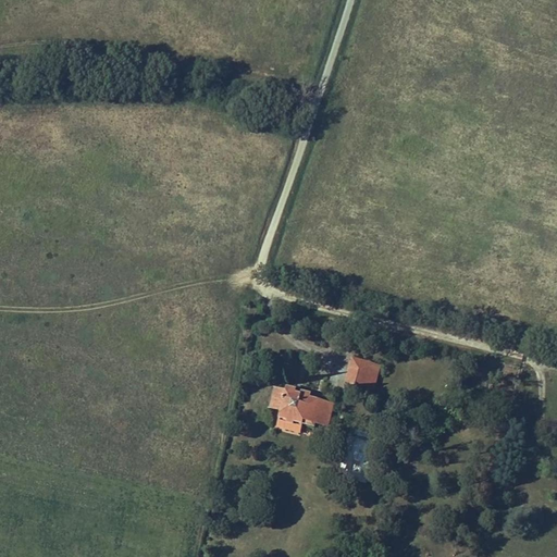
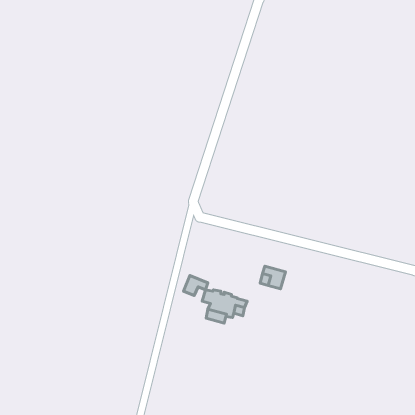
building: none -> [184,275,208,296]

